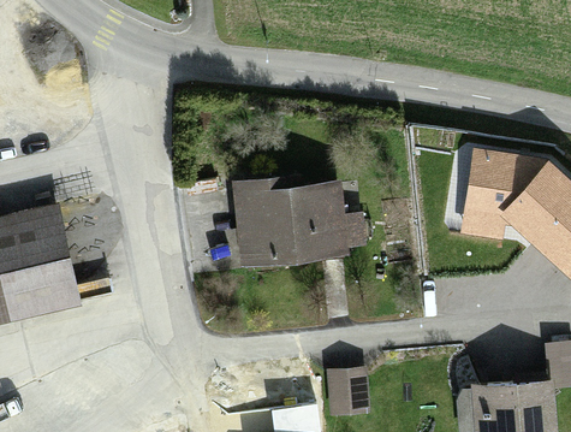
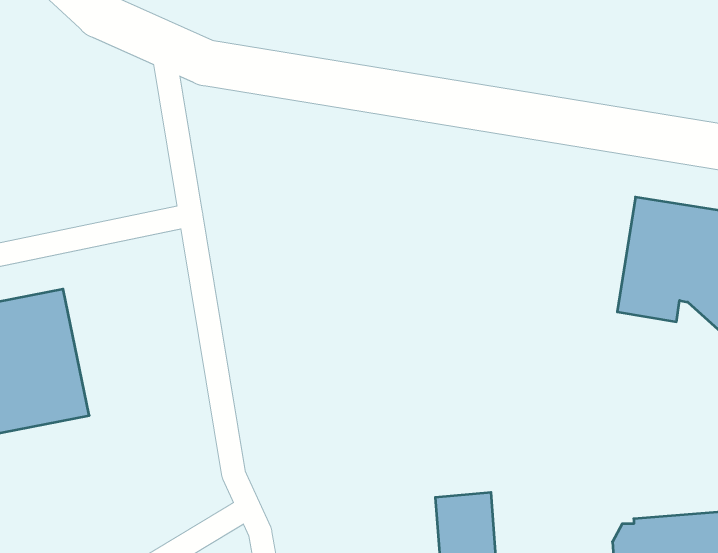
building: [234,179,345,265] -> none

